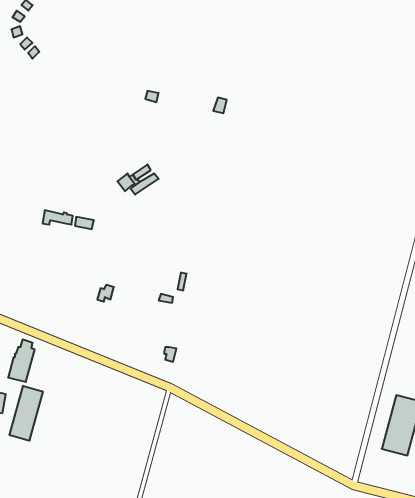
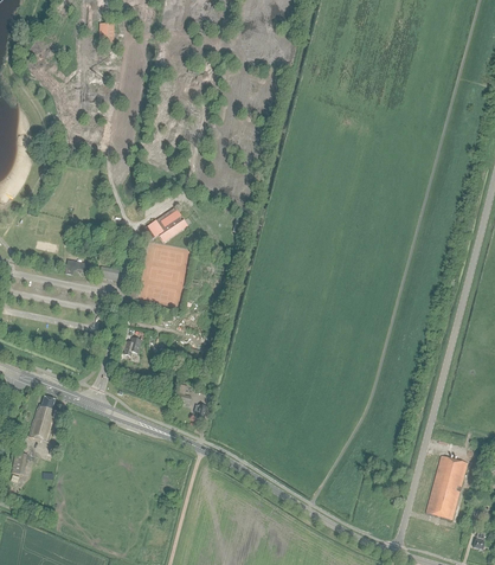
building: [9,386,43,441] -> none

